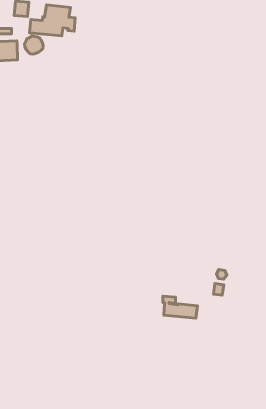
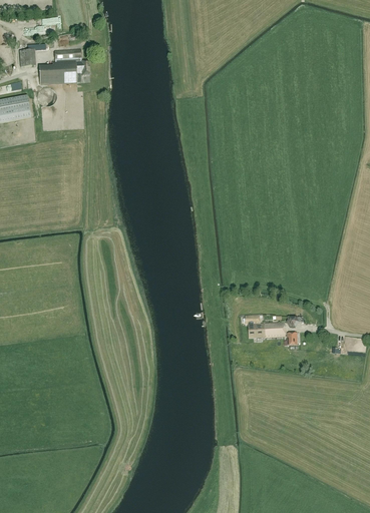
building: [163,296,198,318] -> [245,316,285,338]

